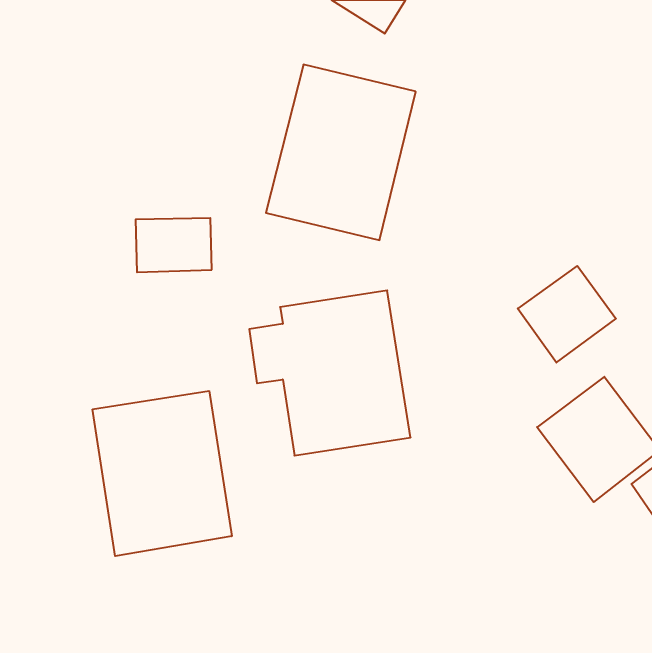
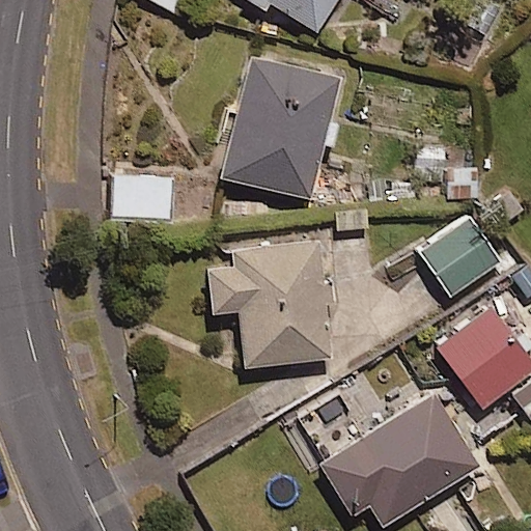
building: [93,391,232,556] -> none
building: none -> [319,394,479,526]

